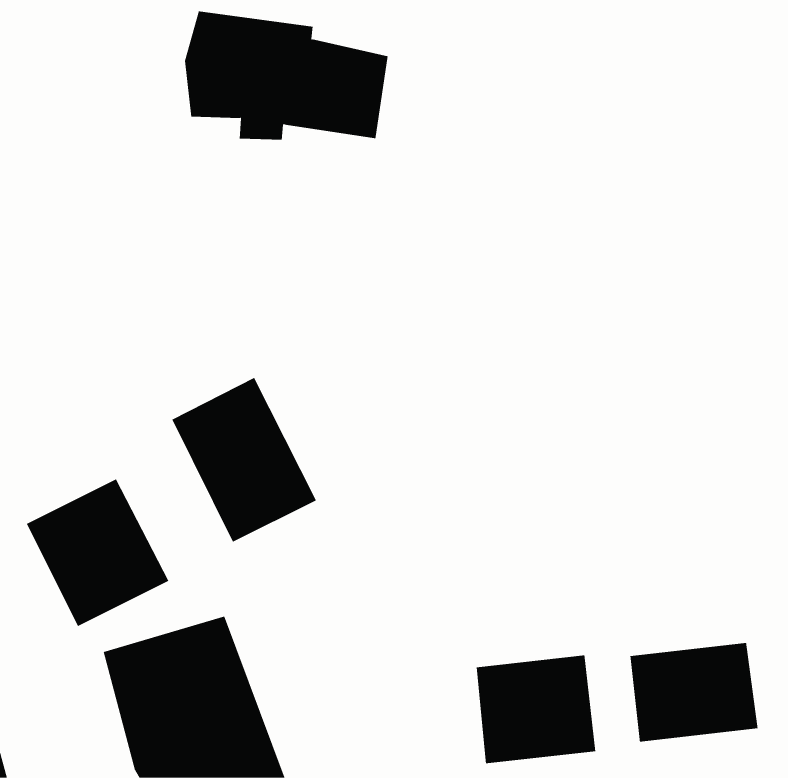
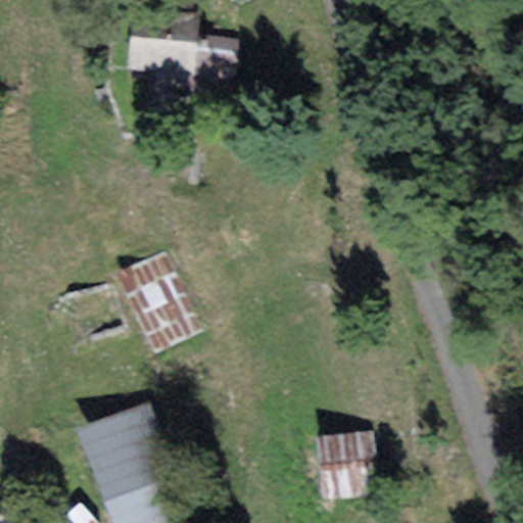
building: [26,479,169,627] -> none
building: [630,642,758,742] -> none

